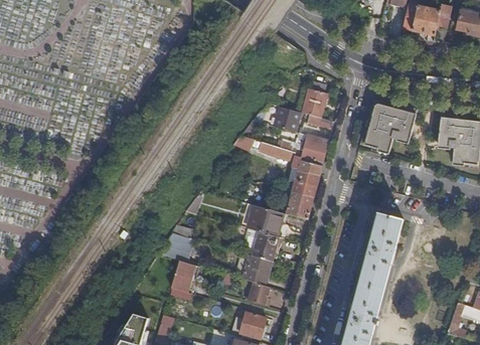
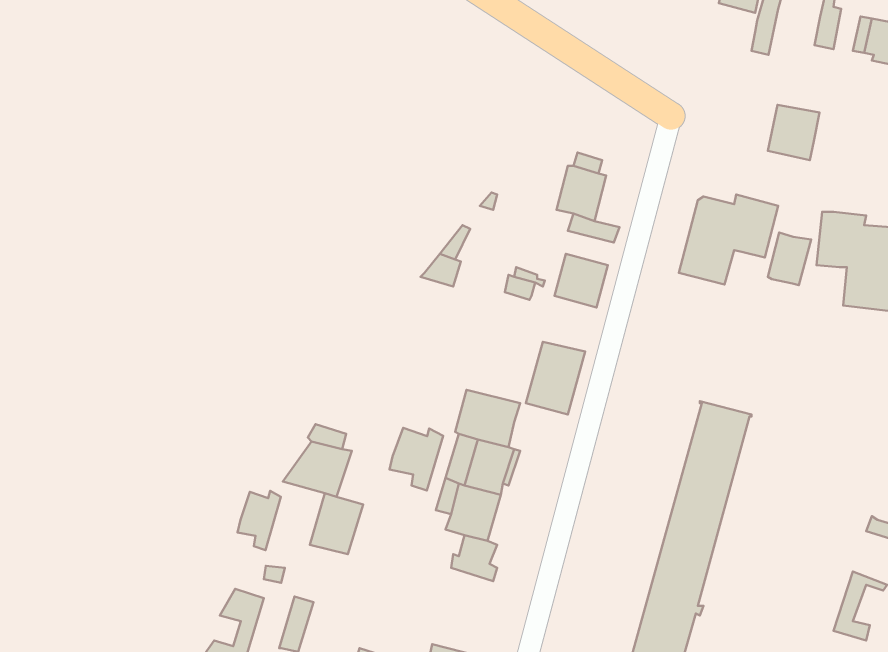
building: [413,6,440,35] -> [768,105,819,160]
building: [274,106,300,132] -> none
building: none -> [768,232,811,285]
building: [294,157,322,186] -> none
building: none -> [390,428,443,491]
building: none -> [238,491,281,550]
building: [241,312,270,339] -> none

